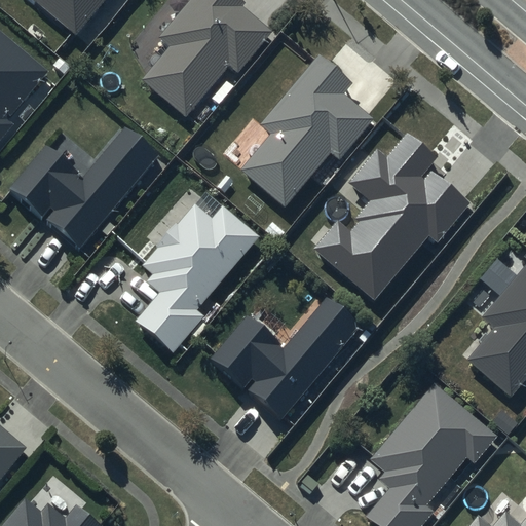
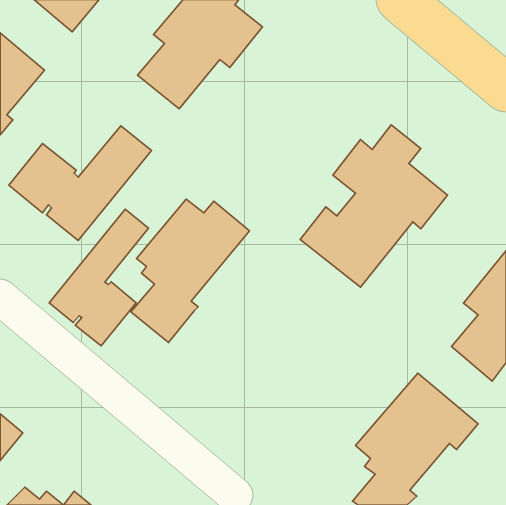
building: [241,54,375,203] -> none
building: none -> [49,209,148,346]
building: [209,294,363,420] -> none

